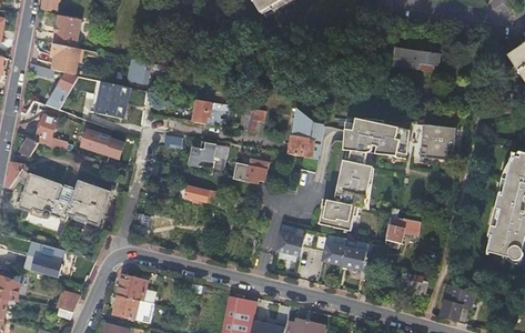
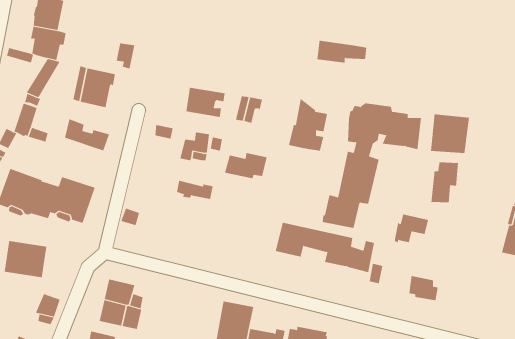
building: [392,47,438,68] -> [316,40,367,63]
building: none -> [431,161,459,203]
building: [440,283,474,319] -> none

